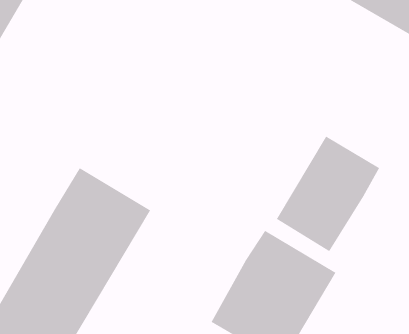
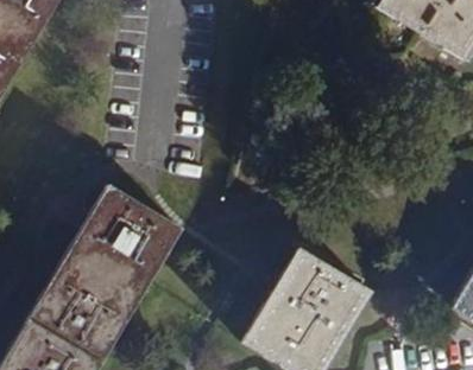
building: [276,135,380,252] -> none

